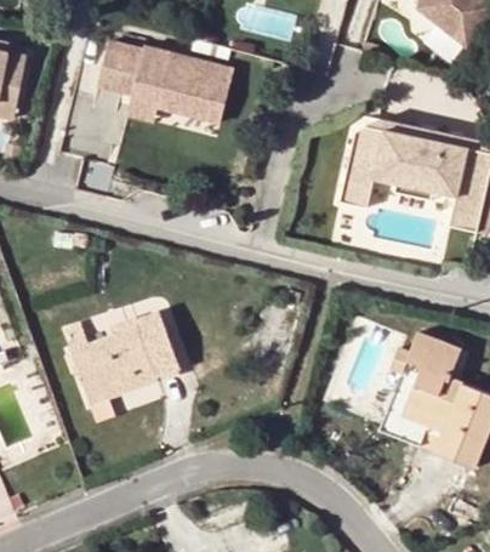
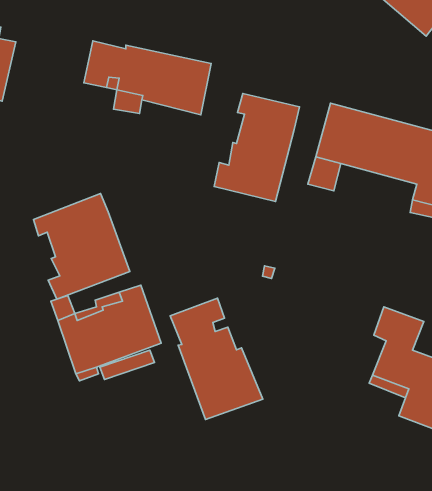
building: none -> [214,94,299,202]
building: none -> [33,194,130,299]
building: none -> [170,298,263,420]

